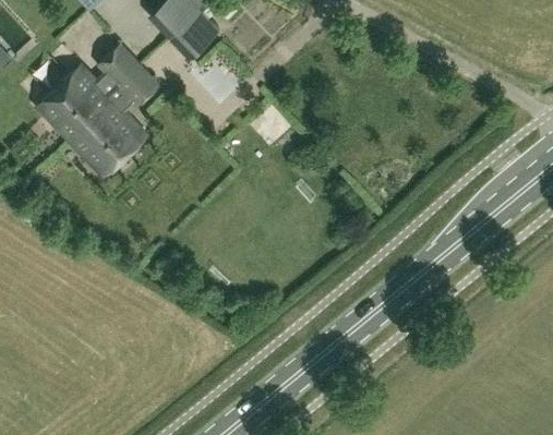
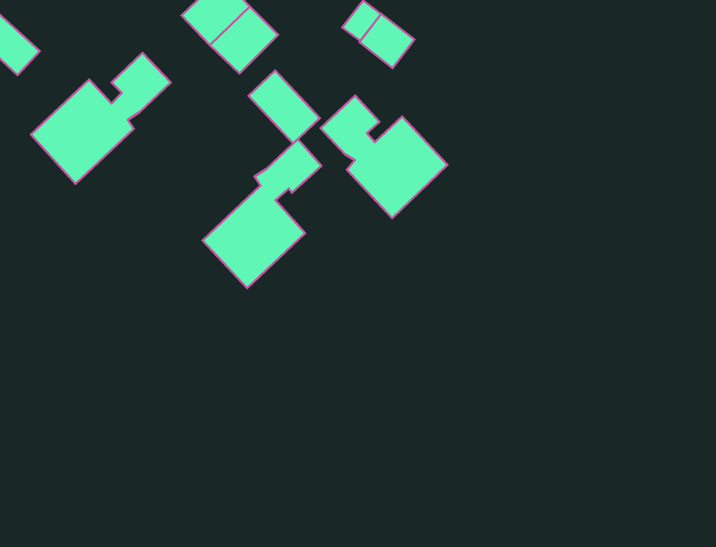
building: none -> [359,14,414,68]
building: [71,67,158,176] -> [202,139,322,288]
building: none -> [320,96,448,218]

